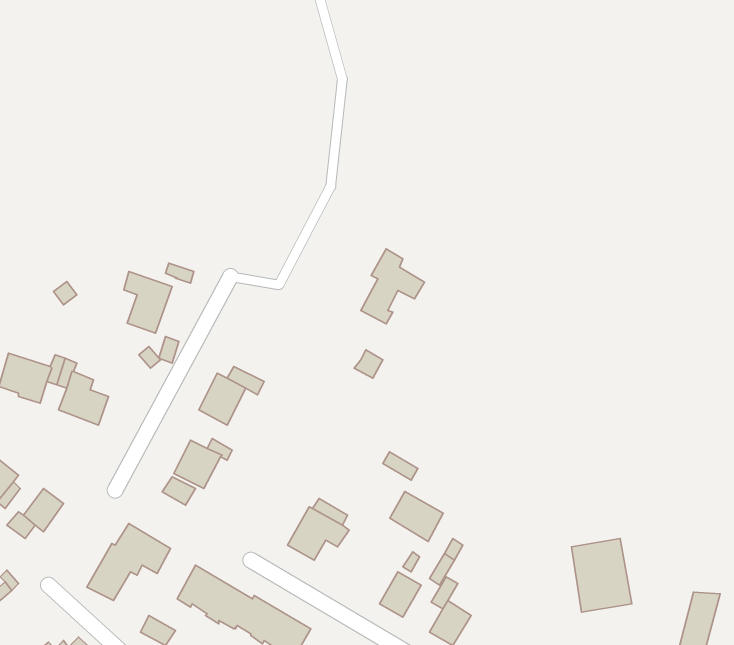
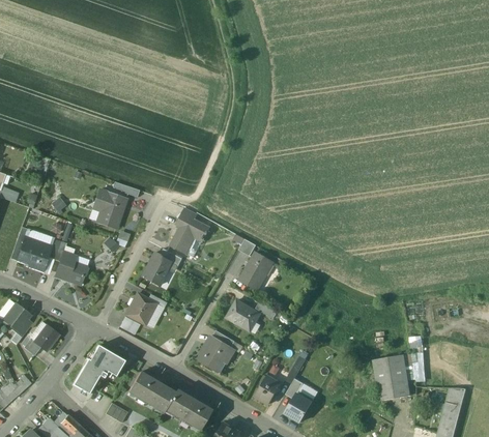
building: [361,249,424,324] -> [170,207,209,254]
building: none -> [239,252,274,290]
building: [390,491,443,541] -> [227,300,260,331]

